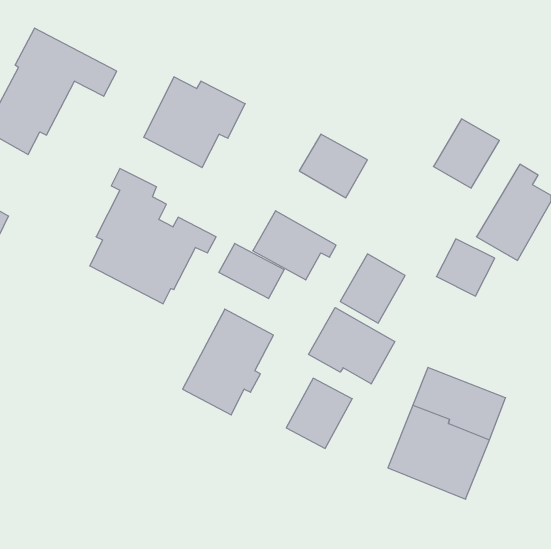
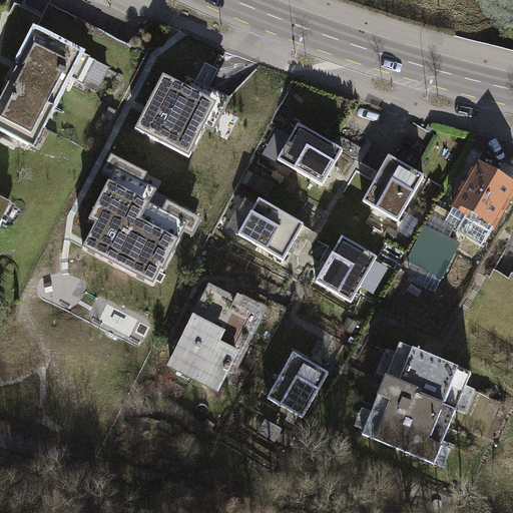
building: [433,119,499,188] -> [361,154,422,218]
building: [219,243,284,299] -> none
building: [309,308,395,384] -> none

